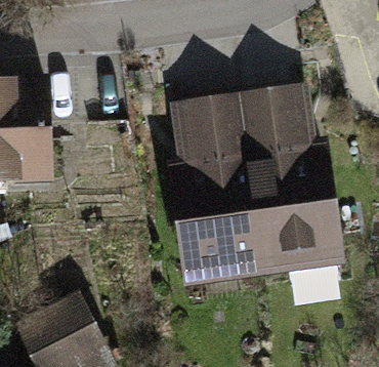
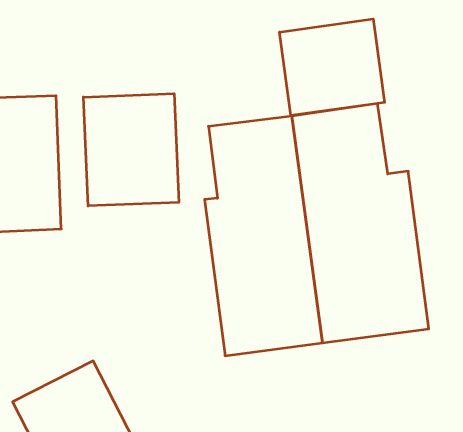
building: none -> [280,19,385,115]
building: none -> [83,94,179,206]

